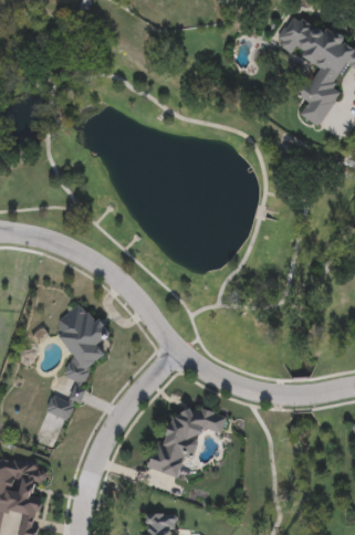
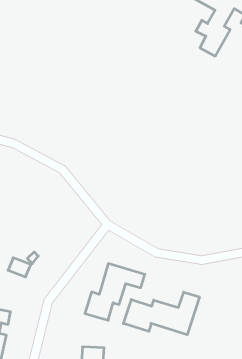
building: [55,303,109,387] -> none
building: none -> [123,292,199,335]

